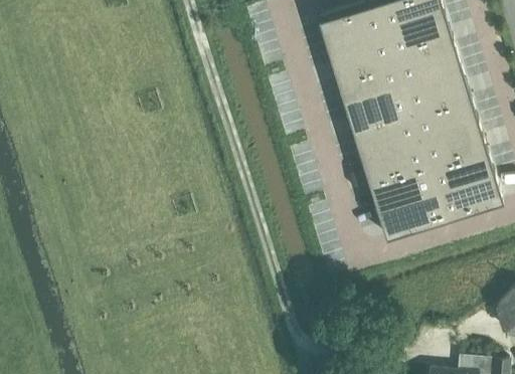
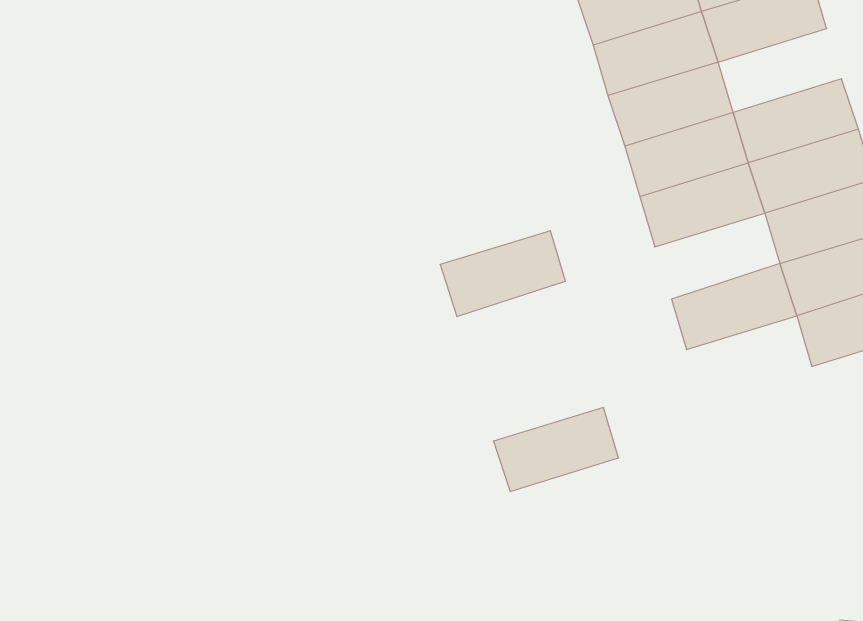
building: [394,38,461,83] -> none
building: [360,138,427,184] -> [440,231,565,317]
building: [377,193,445,238] -> [493,407,619,491]

